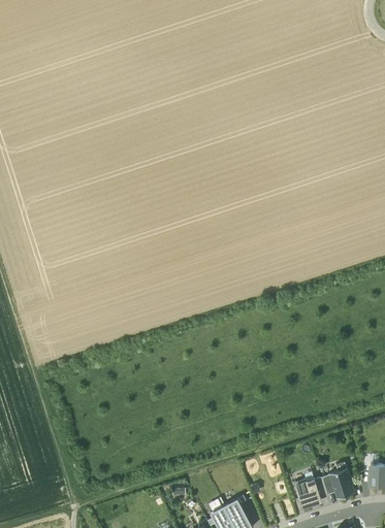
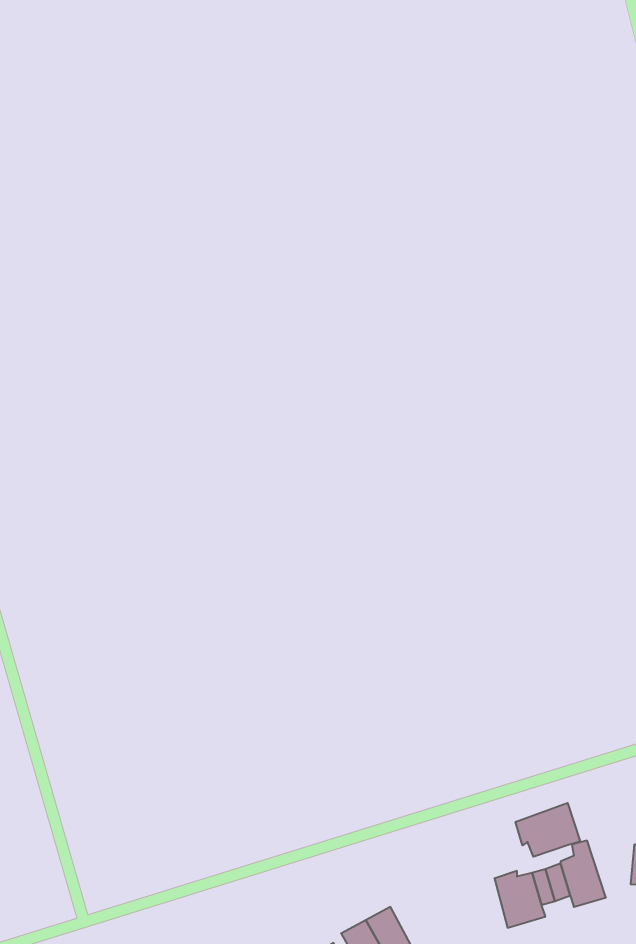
building: none -> [516,803,580,857]

